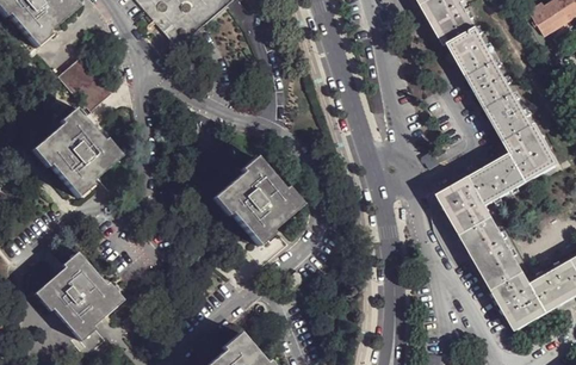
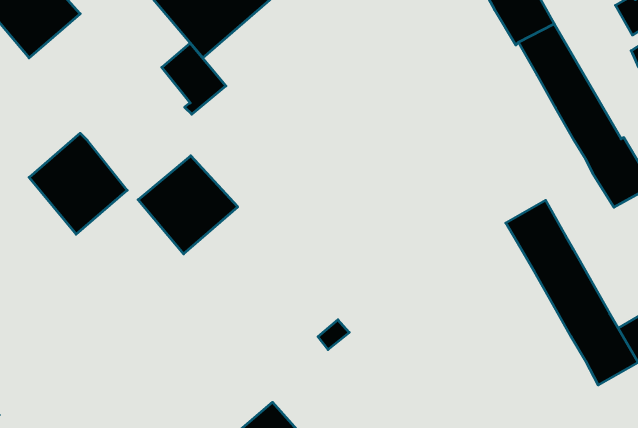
building: [61,62,114,122] -> [162,43,226,114]
building: [470,149,527,202] -> none
building: [216,162,299,245] -> [138,156,238,254]
building: [35,258,116,341] -> none

